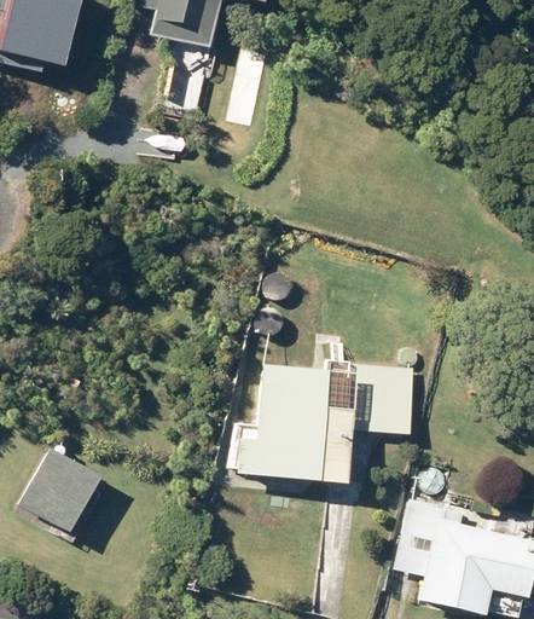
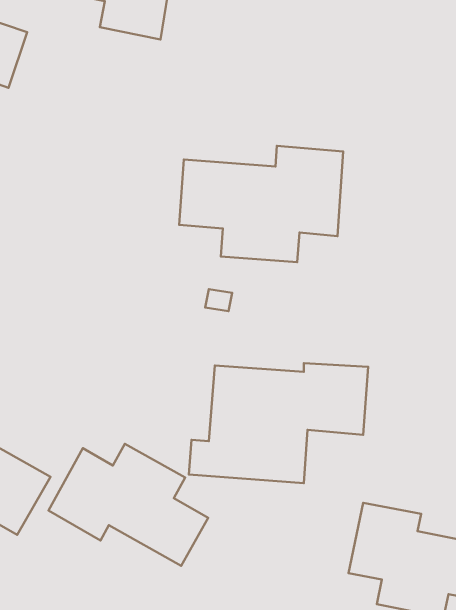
building: none -> [179,146,343,262]
building: none -> [49,444,208,566]

